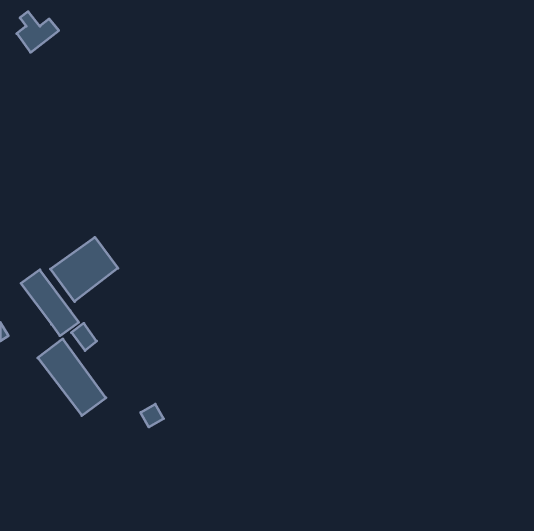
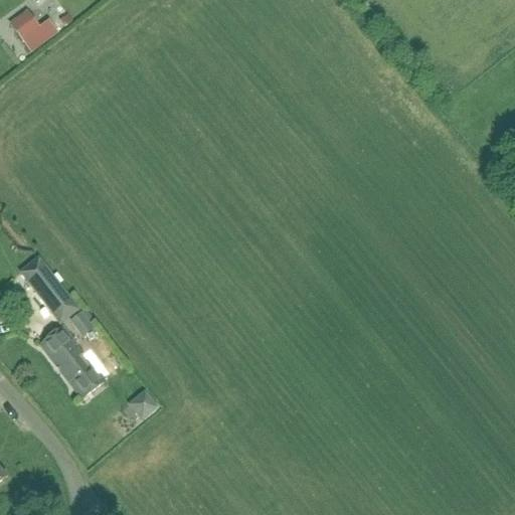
building: [50,237,118,302] -> none

